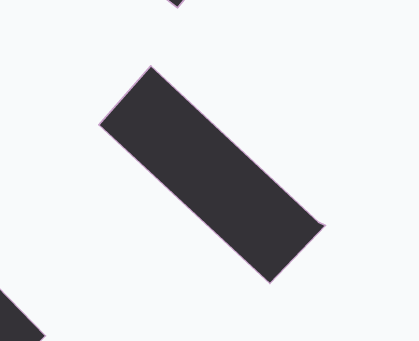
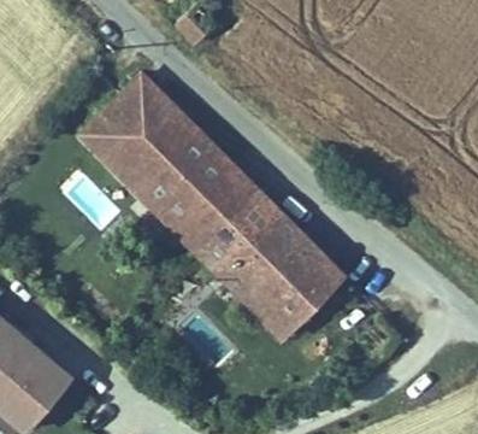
building: none -> [90,86,170,170]

